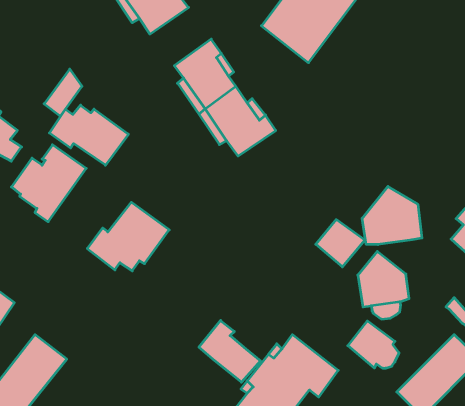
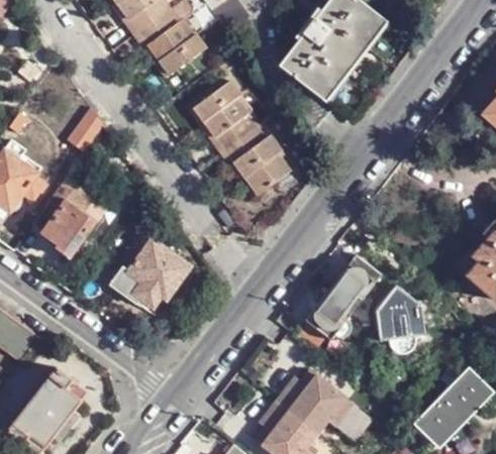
building: [49,105,128,165] -> none
building: [362,186,422,245] -> none
building: [199,320,260,382] -> none
building: [348,321,399,368] -> [303,296,354,342]

